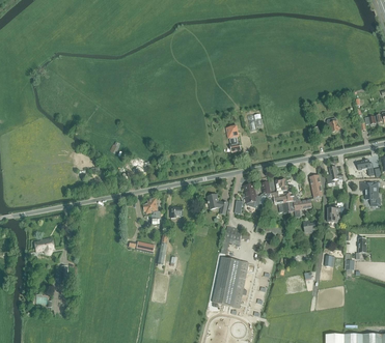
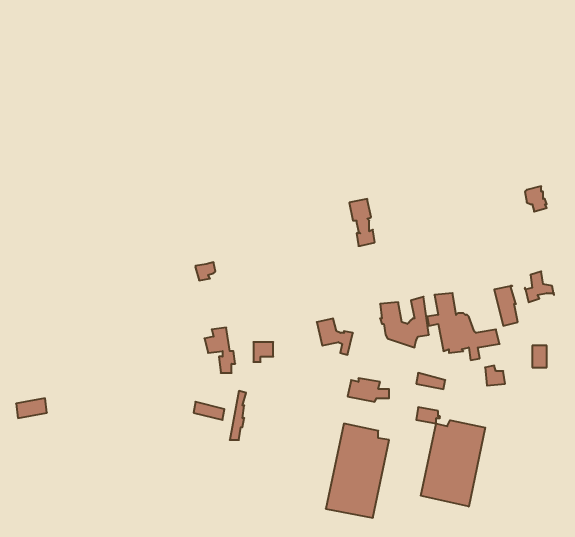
building: none -> [421,420,485,507]

